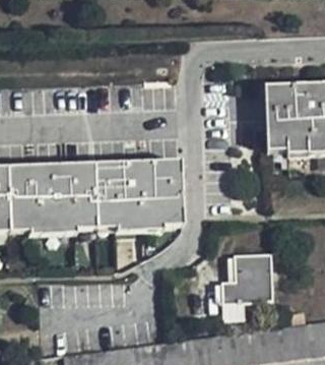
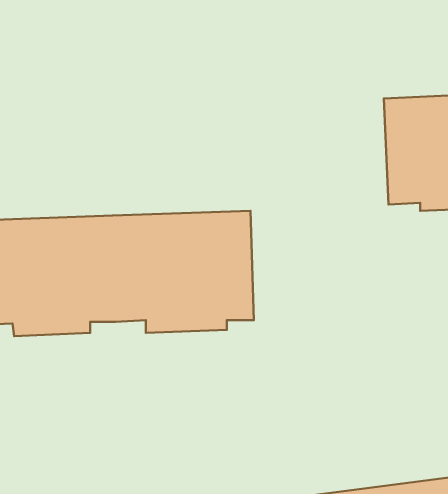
building: [217,253,270,320] -> none

